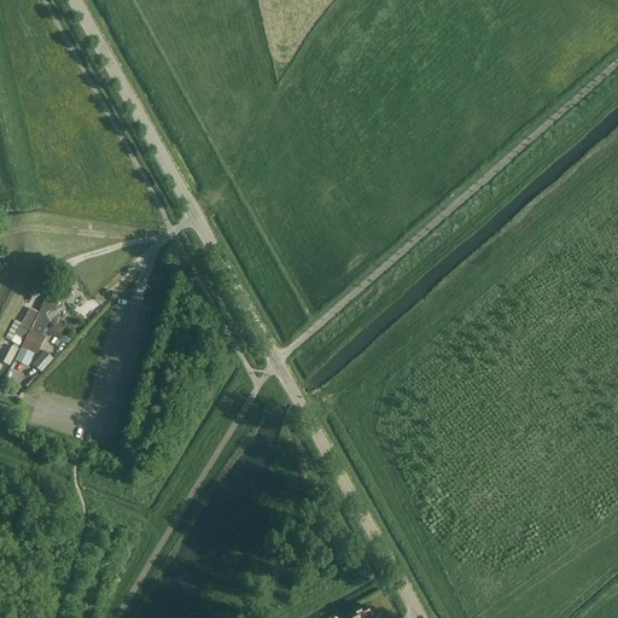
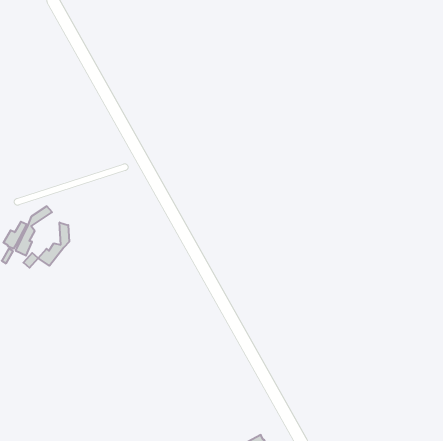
building: none -> [38,222,69,266]

